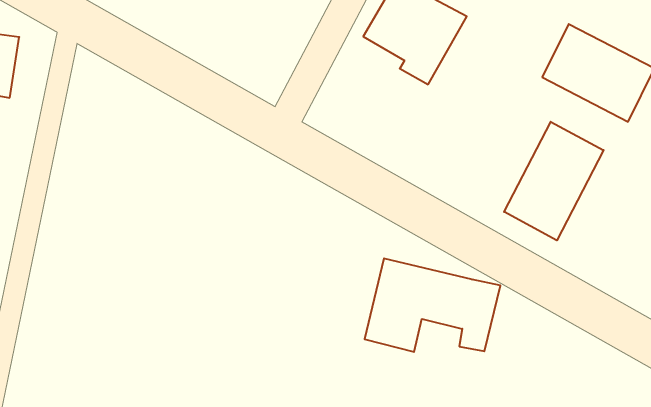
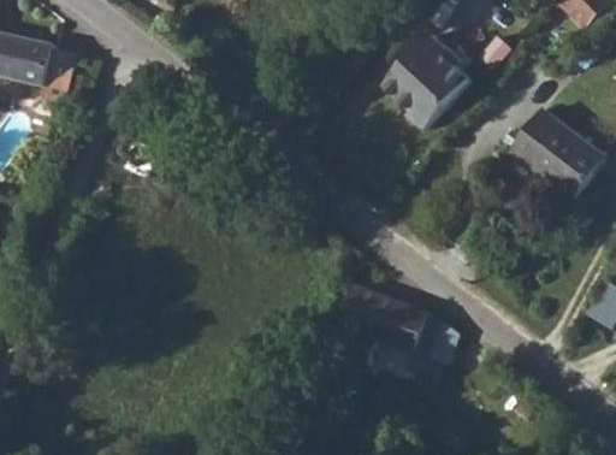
building: [504,122,604,240] -> none

